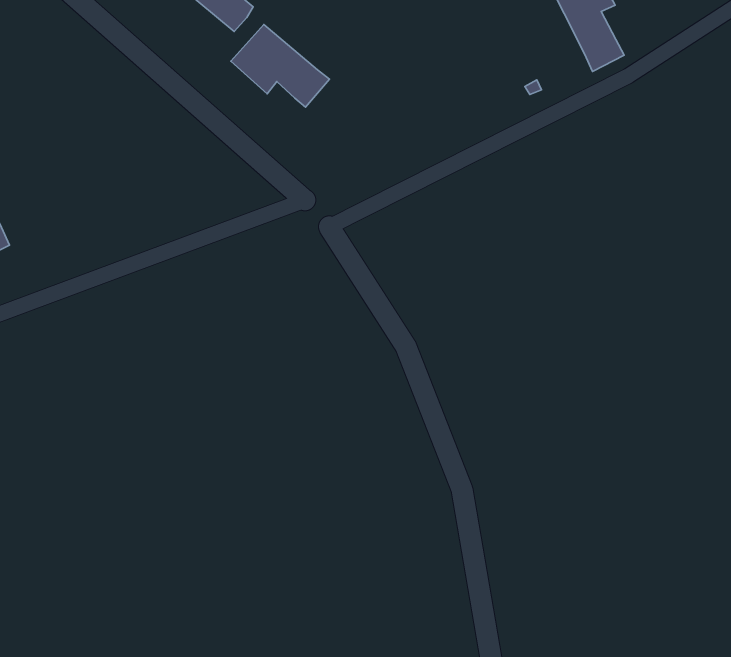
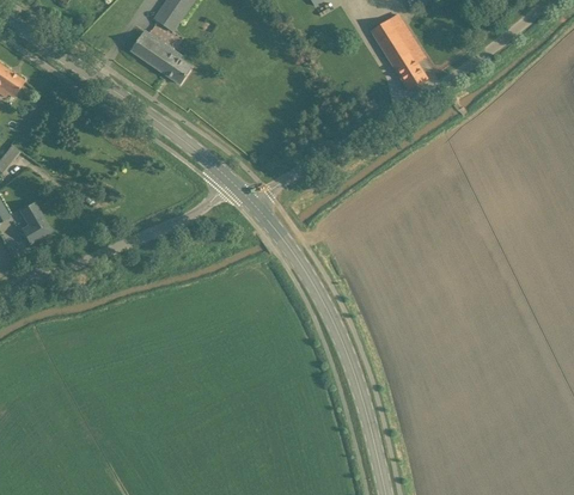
building: [231,24,329,107] -> none

